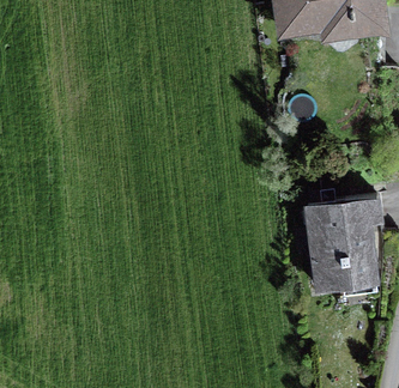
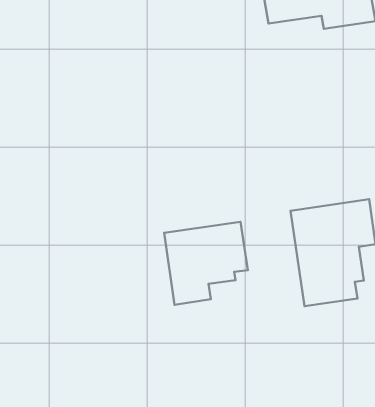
building: none -> [164,222,248,305]

